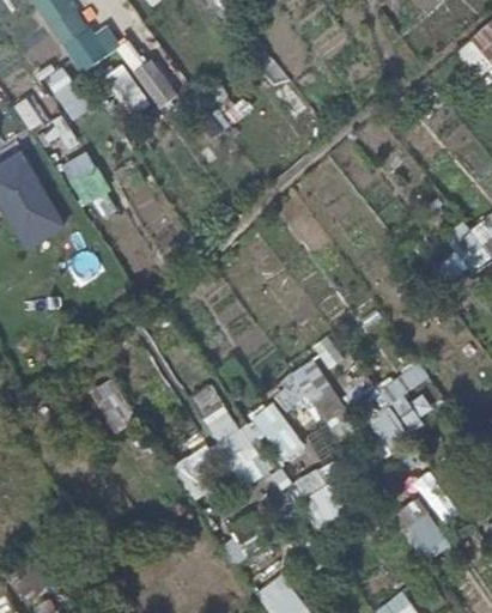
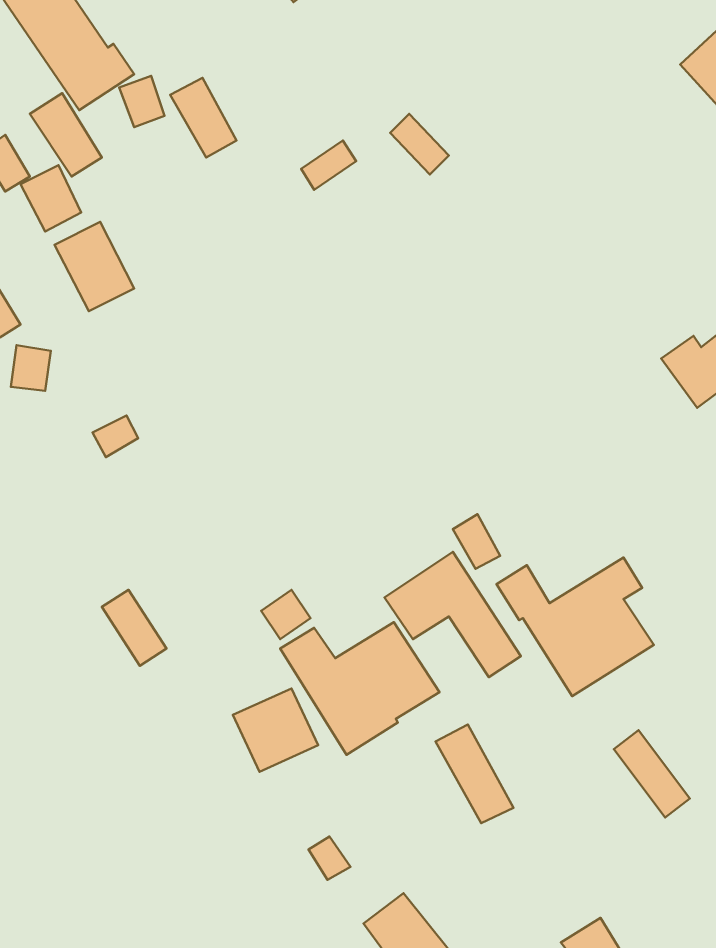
building: [394,497,449,562] -> none

